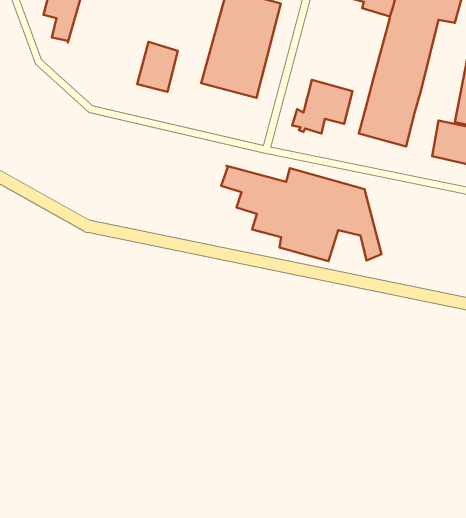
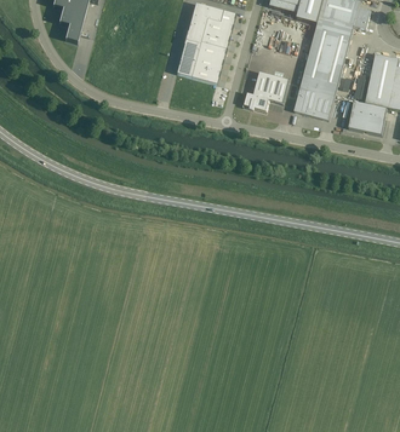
building: [137,42,178,92] -> none
building: [221,166,382,261] -> none

